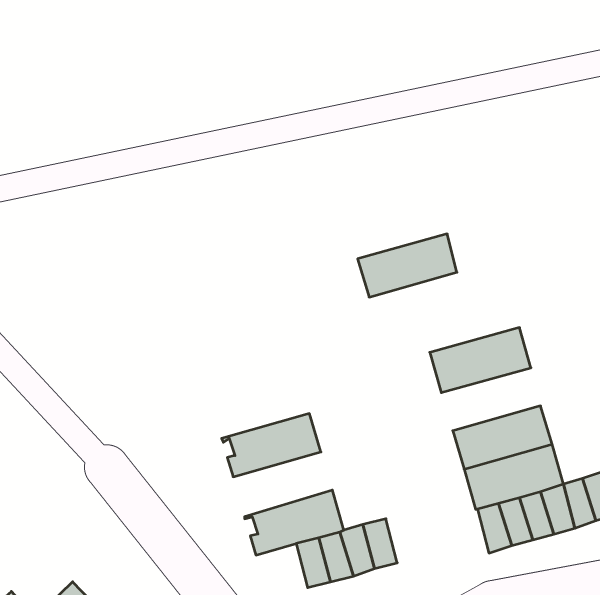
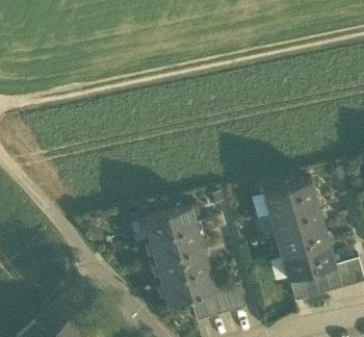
building: [358,234,457,297] -> [268,202,322,236]
building: none -> [142,205,197,240]
building: none -> [155,248,209,283]

